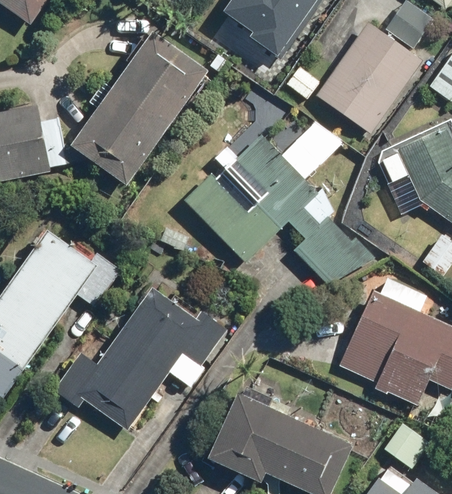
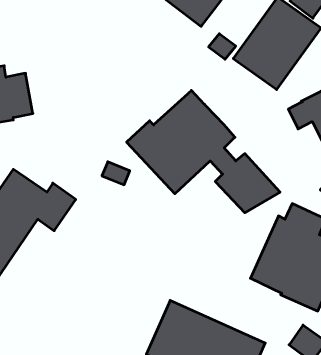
building: [73,31,207,183] -> none
building: [280,118,341,178] -> none
building: [53,285,228,430] -> none

